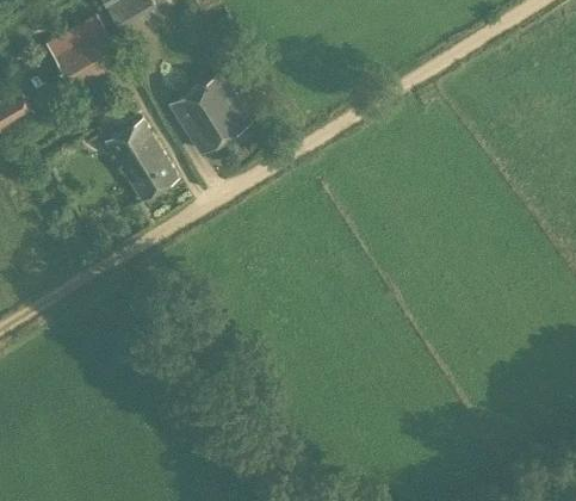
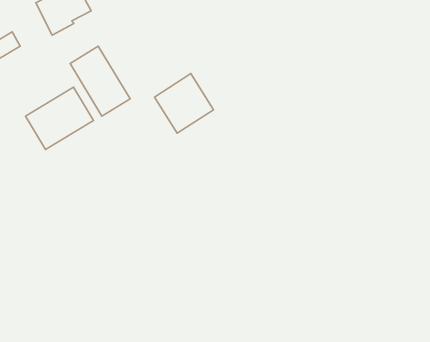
building: [172,73,249,151] -> [154,73,213,133]
building: none -> [26,87,94,149]

